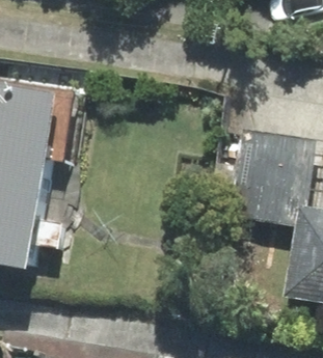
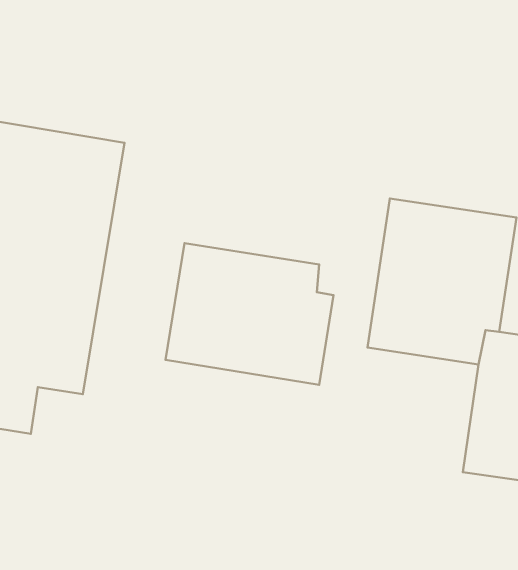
building: none -> [165,243,334,385]

